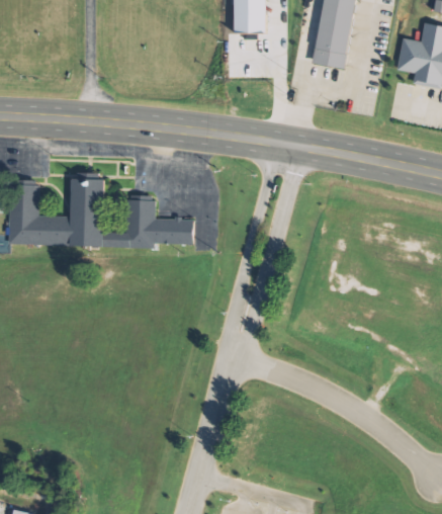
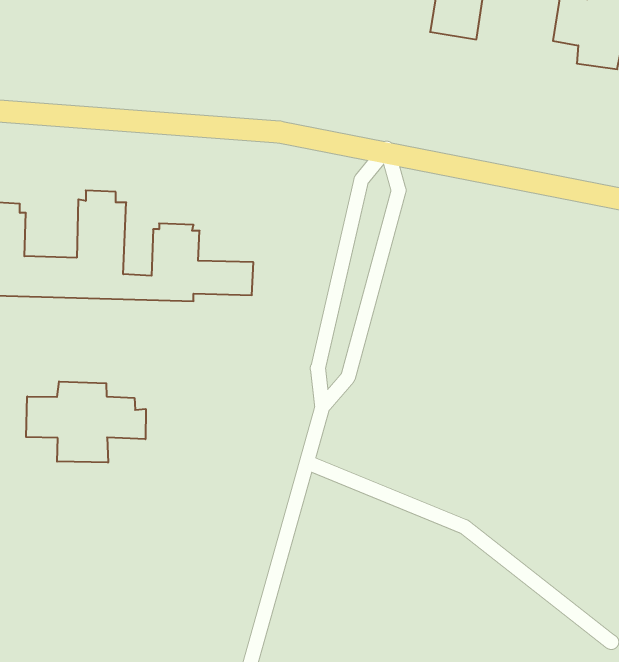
building: none -> [26,381,146,463]

